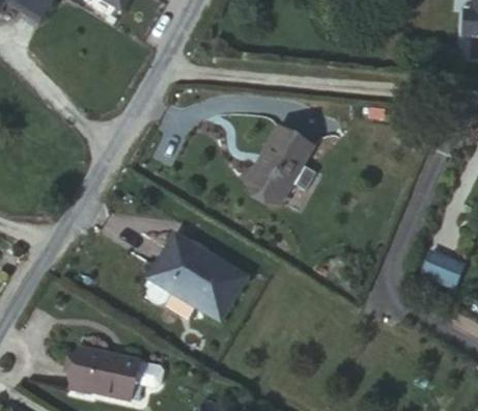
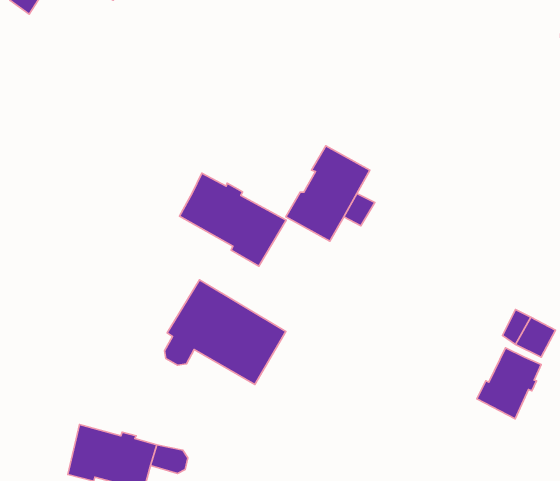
building: none -> [180,173,286,266]
building: none -> [477,348,541,419]

